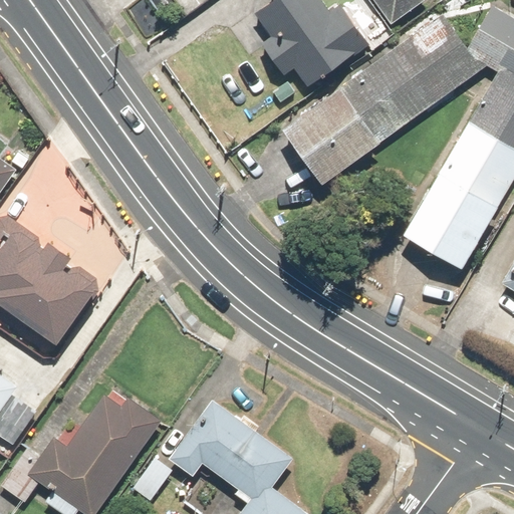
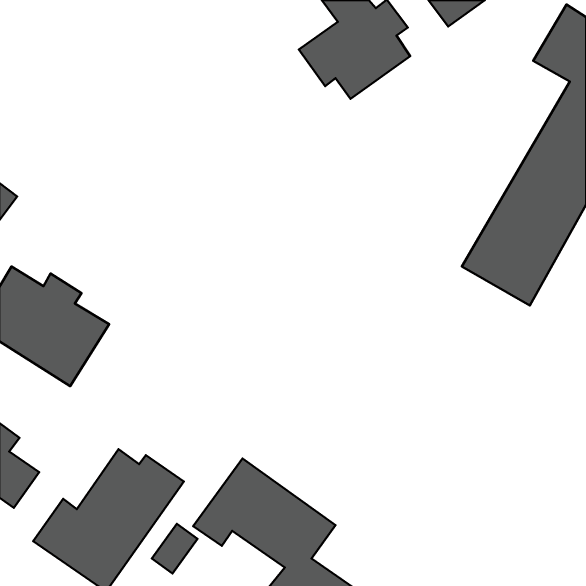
building: [282,16,477,186] -> none

